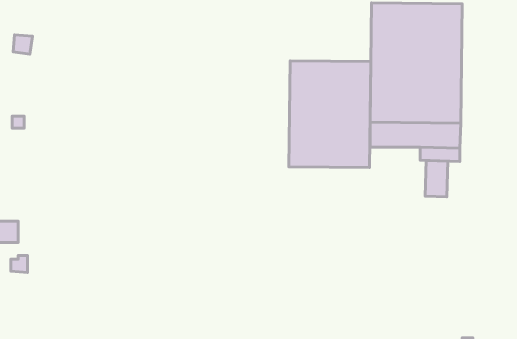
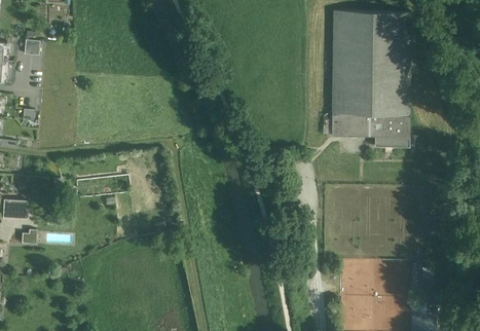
building: [289,61,371,168] -> none
building: [425,160,448,197] -> none

